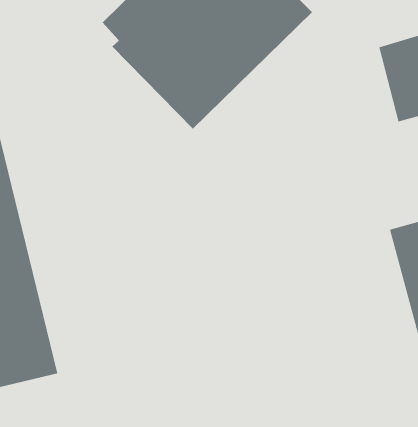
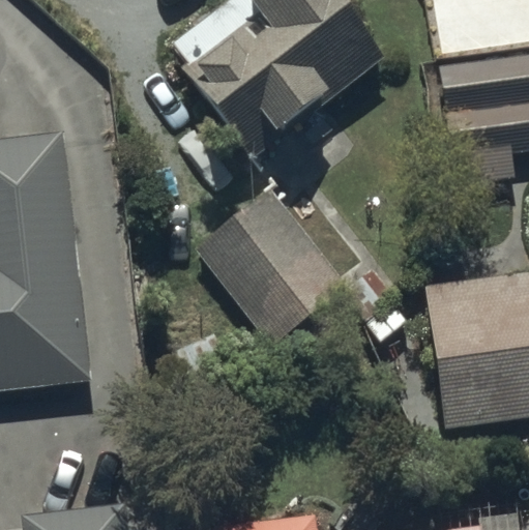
building: none -> [192,186,348,348]

